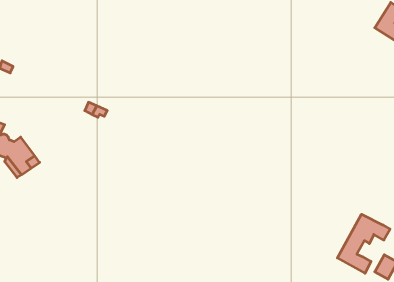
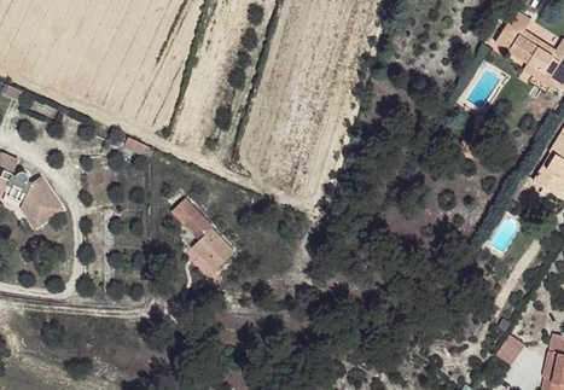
building: none -> [184,210,232,269]
building: [337,214,390,273] -> none

